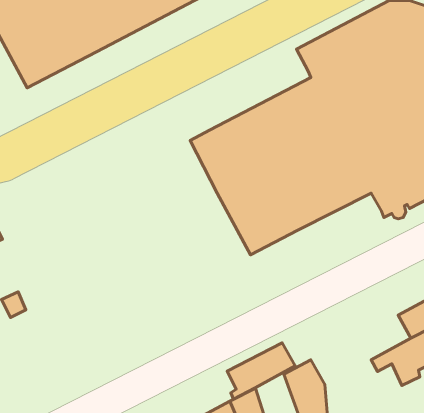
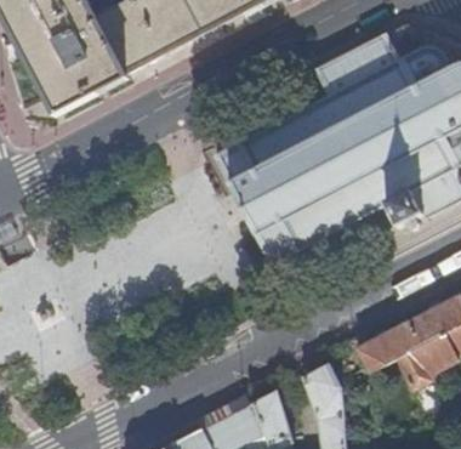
building: [227,343,295,399] -> [358,320,422,374]

